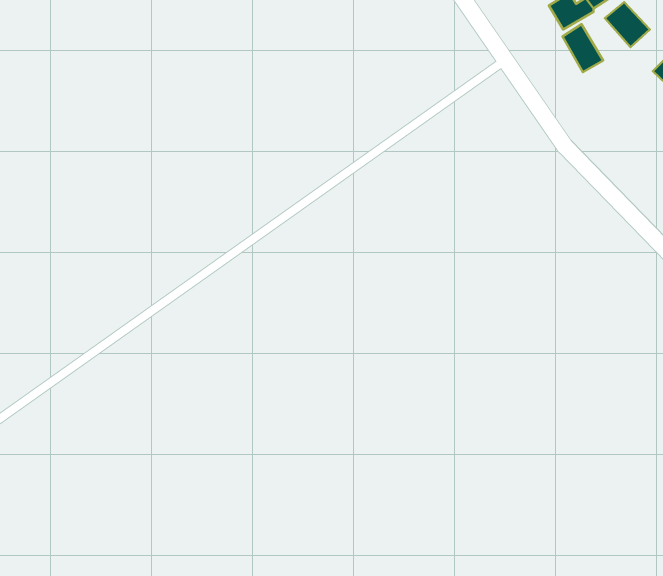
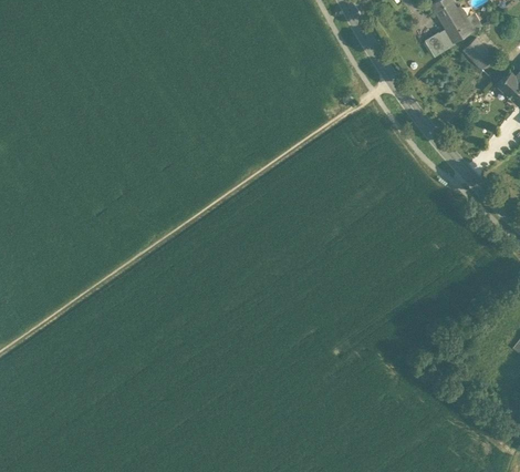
building: [563,24,603,72] -> none

